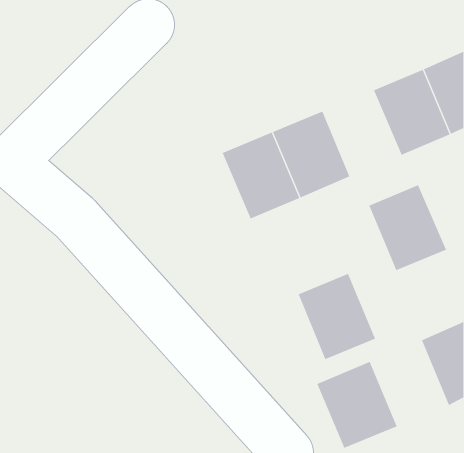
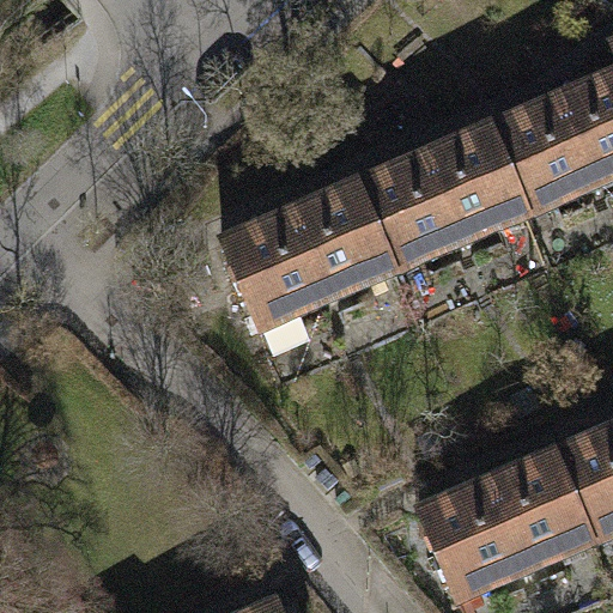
building: none -> [221,201,329,317]
building: [369,184,447,271] -> [425,119,528,232]
building: [298,273,376,360] -> [487,448,590,562]

